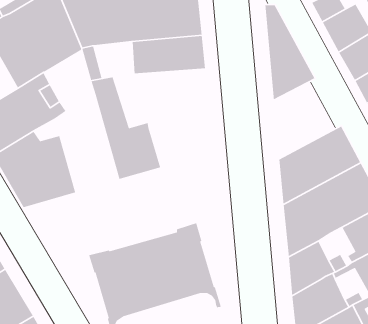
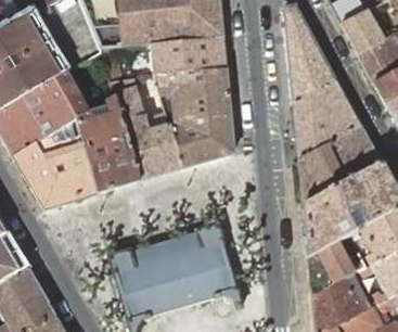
building: none -> [154,69,233,168]
building: none -> [293,79,361,159]
building: none -> [76,95,139,193]

